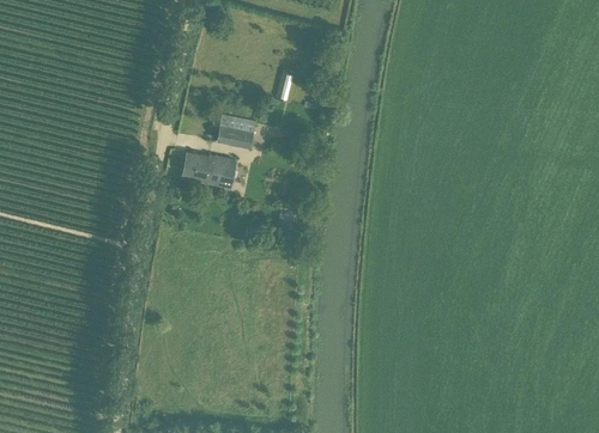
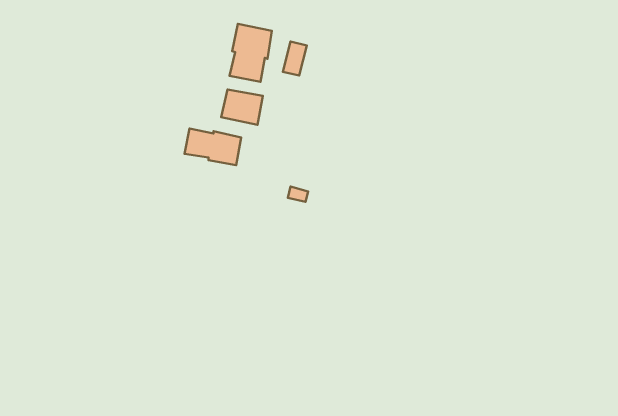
building: none -> [230,24,272,82]

